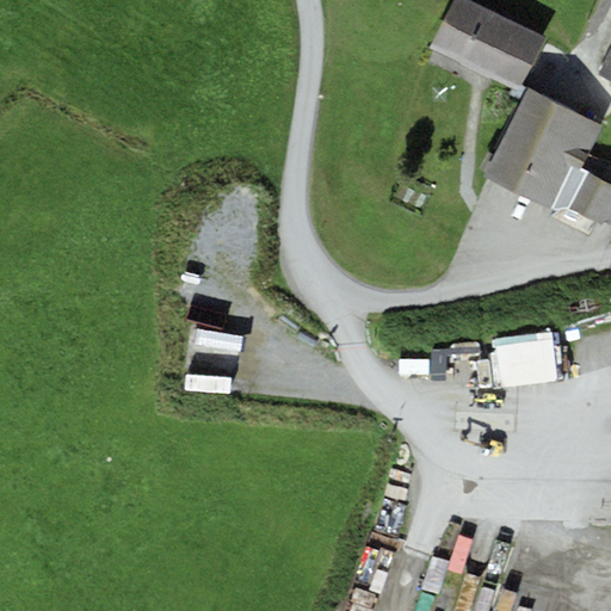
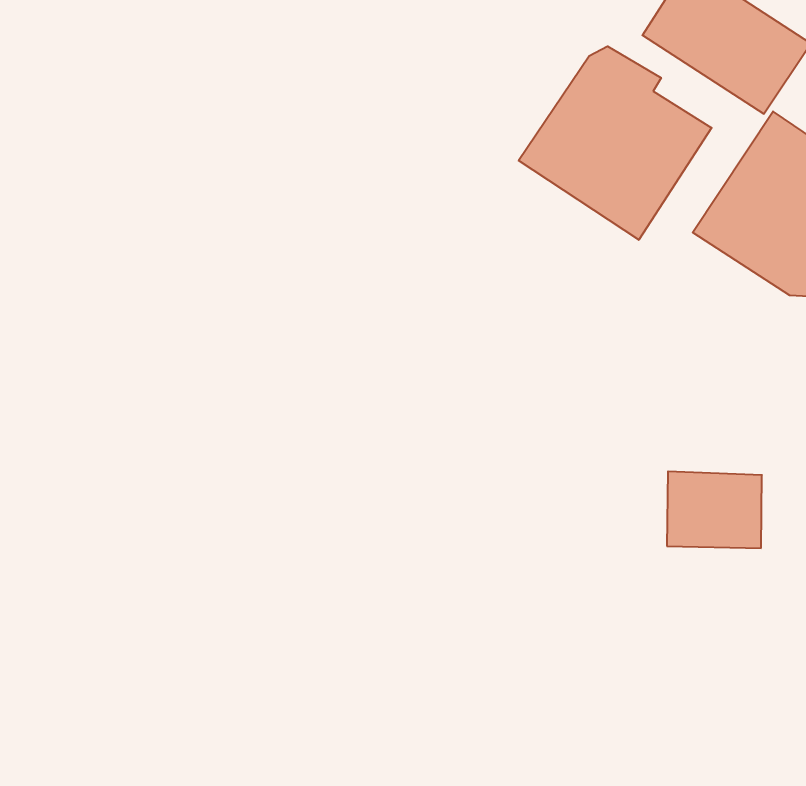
building: none -> [519,46,712,240]

